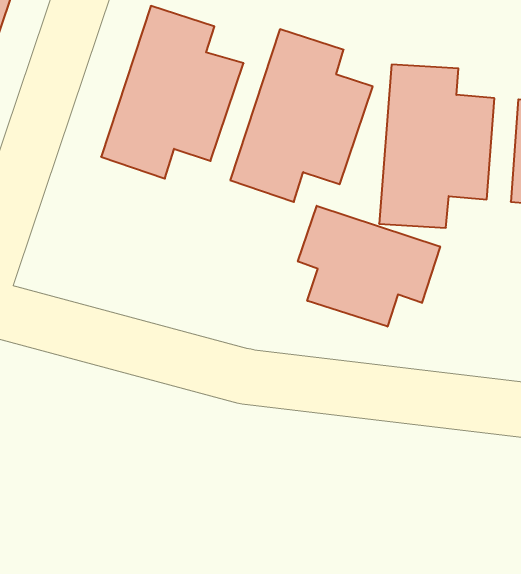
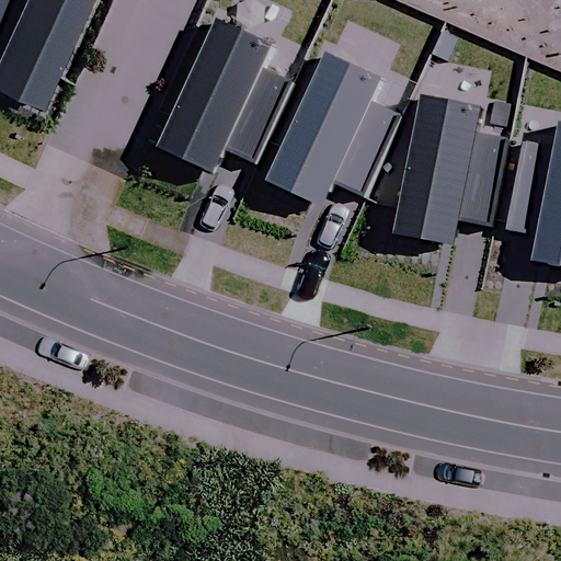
building: [298,206,440,327] -> none

